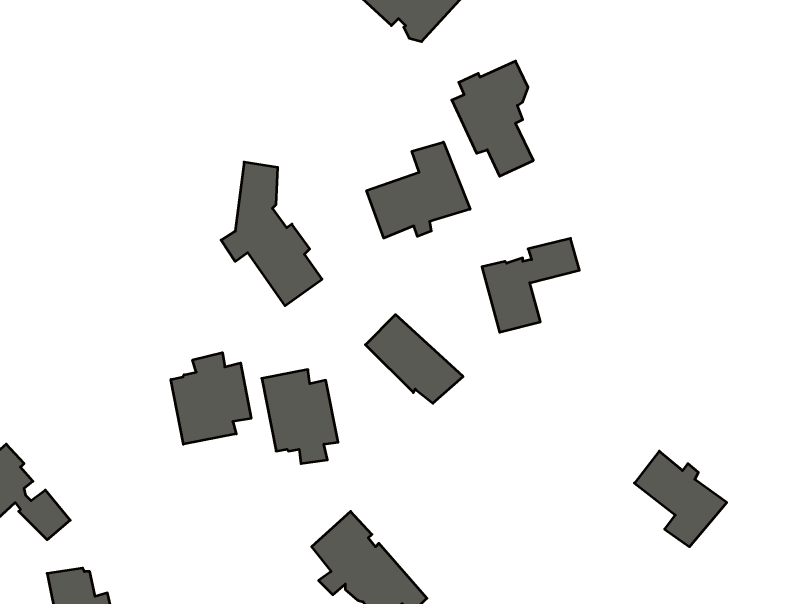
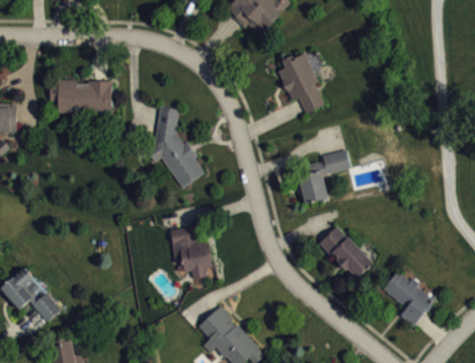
building: none -> [50,79,112,122]
building: [367,142,470,238] -> none
building: [365,315,463,403] -> [318,226,374,277]
building: [171,353,251,444] -> none

